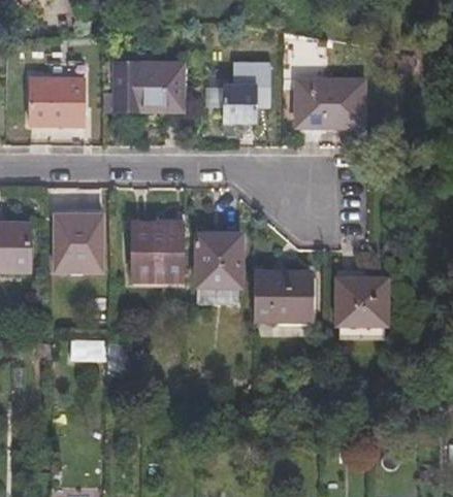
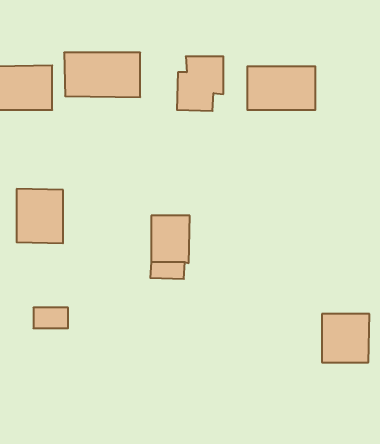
building: [133,222,185,278] -> none
building: [250,273,304,322] -> none
building: [331,280,381,331] -> [322,314,369,362]

